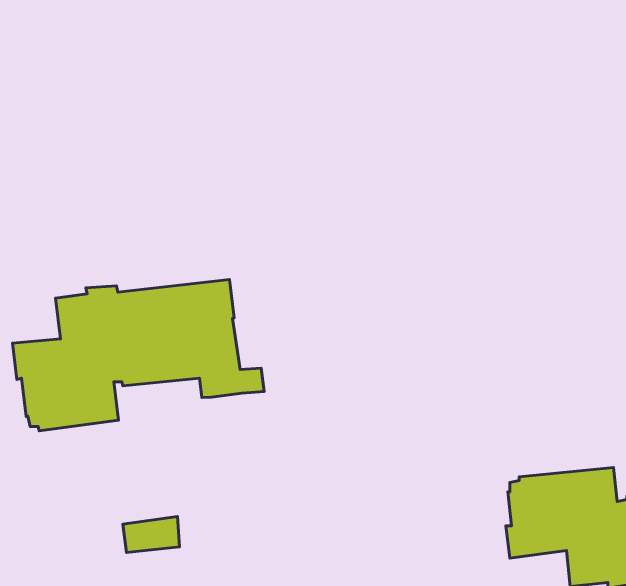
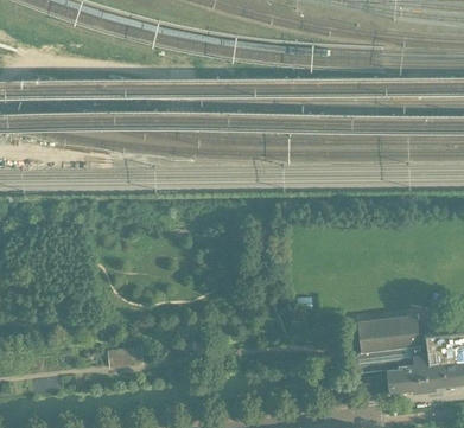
building: [13,280,264,431] -> none

